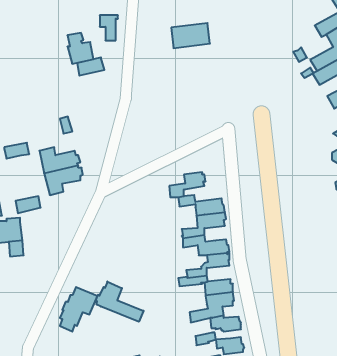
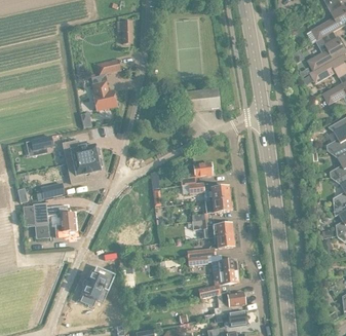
building: [171,23,210,48] -> [185,88,220,111]
building: [67,33,94,64] -> [92,82,116,110]
building: none -> [49,206,75,231]
building: [96,281,144,322] -> none

